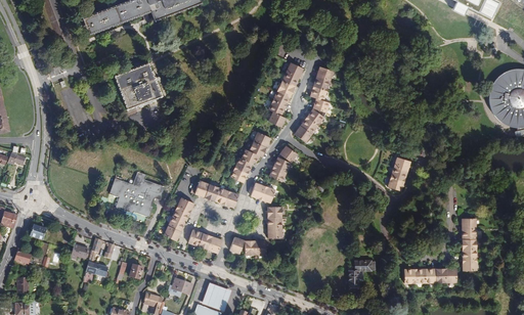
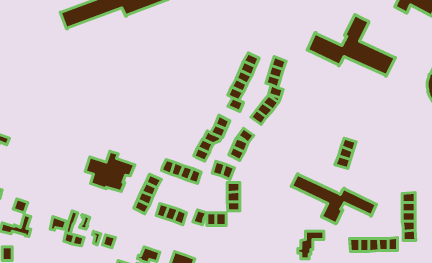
building: none -> [307,15,395,76]
building: [114,61,162,109] -> none
building: none -> [291,174,376,224]

